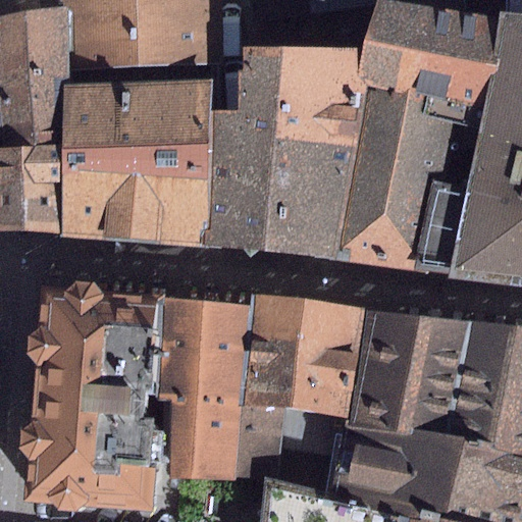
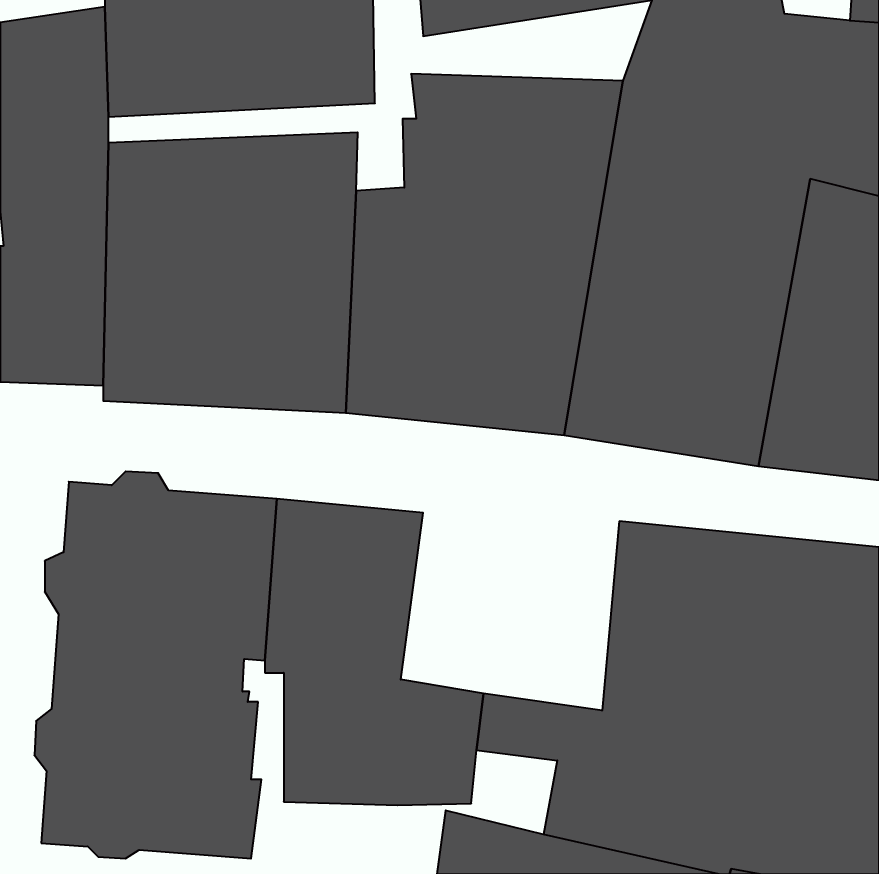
building: [238,294,367,421] -> none

